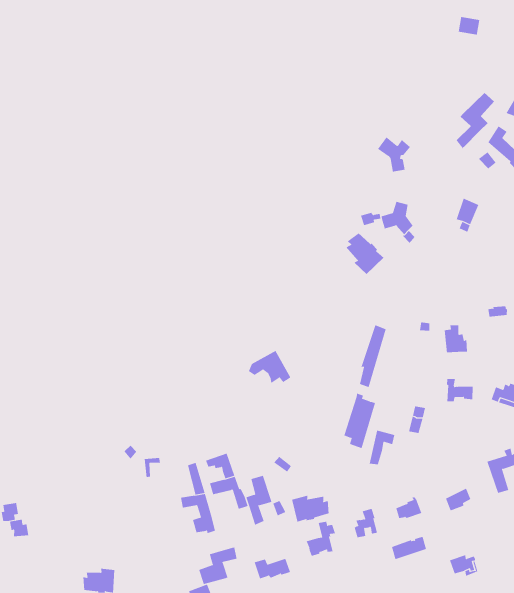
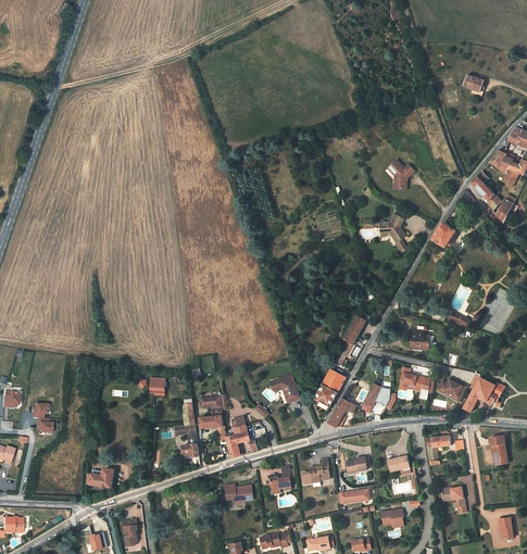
building: [456,92,495,149] -> none
building: [346,233,384,275] -> none
building: [248,350,291,384] -> [267,372,301,399]
building: [292,495,329,523] -> none
building: [199,546,237,585] -> none

